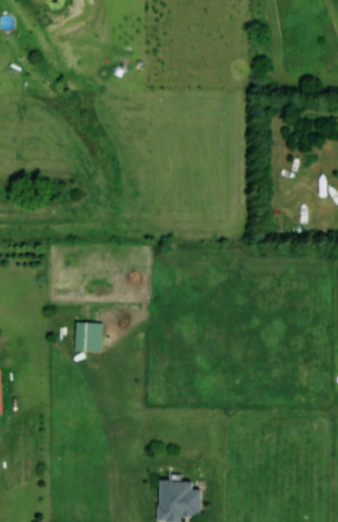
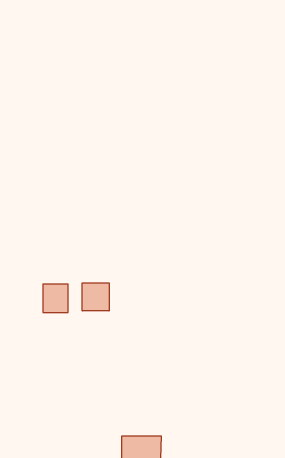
building: none -> [82,283,109,311]

